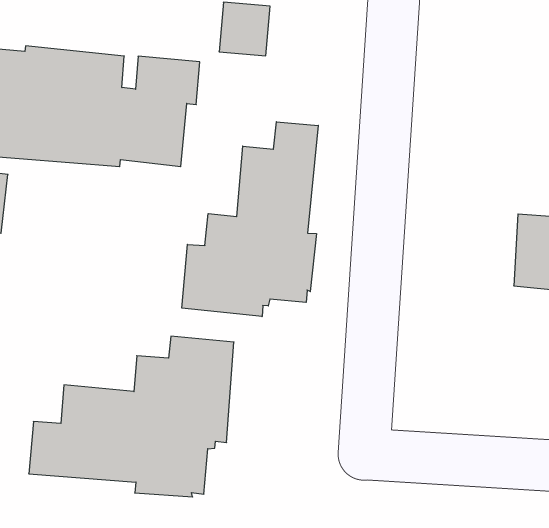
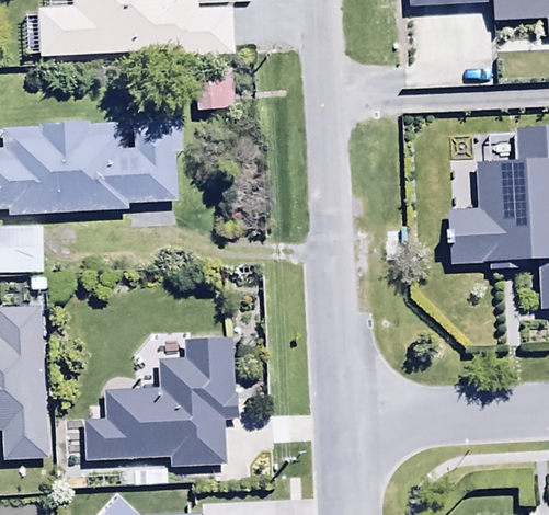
building: [182,122,318,317] -> none

